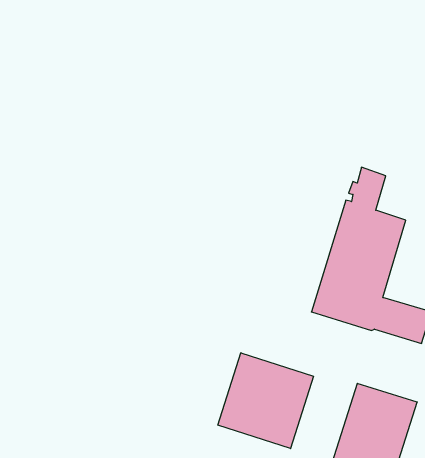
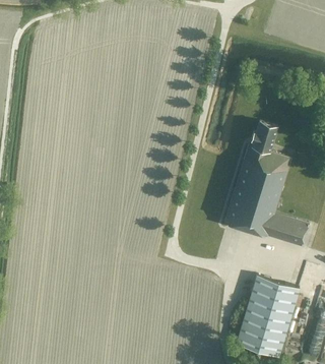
building: [218,353,314,449] -> none

